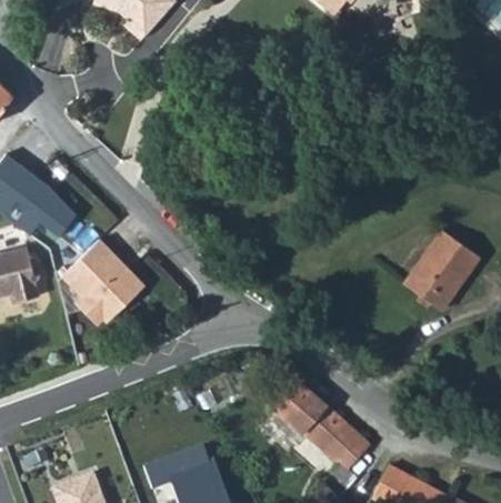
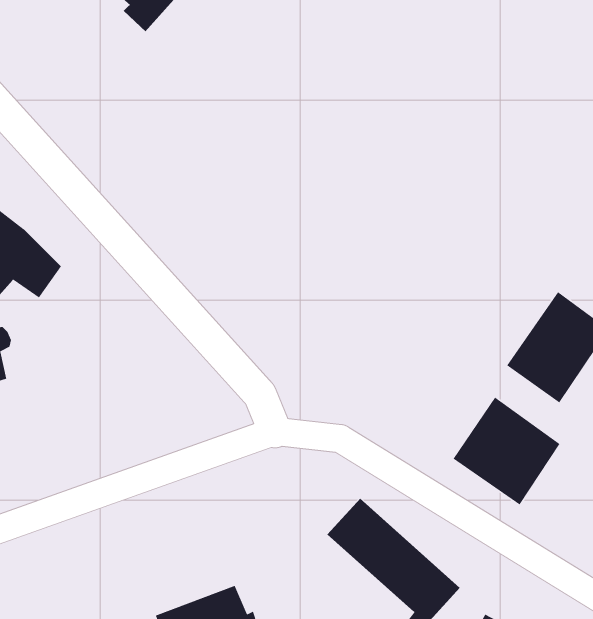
building: [62,238,148,329] -> none
building: none -> [453,396,561,505]

